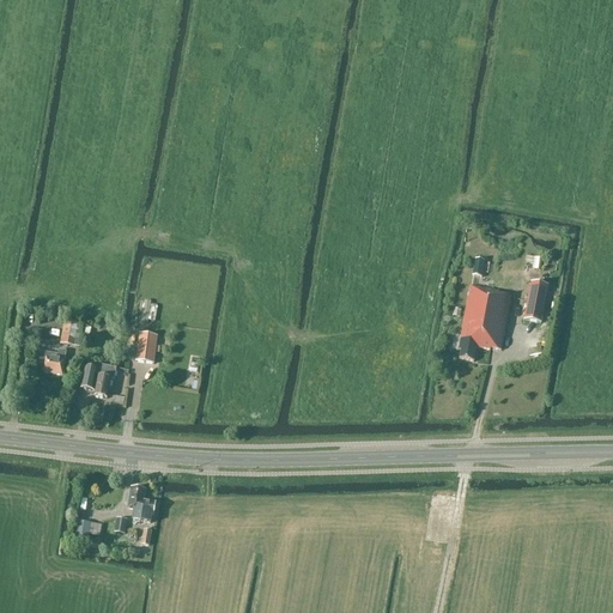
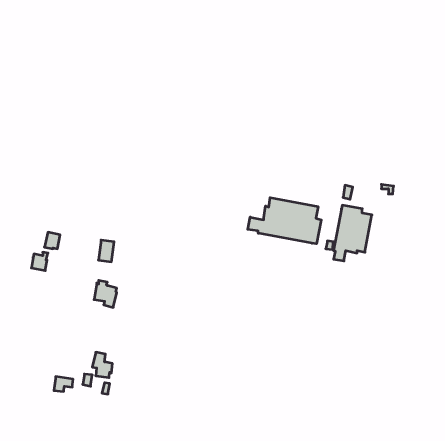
building: none -> [248,198,321,244]
building: [523,279,548,320] -> none
building: [80,359,111,396] -> [94,280,117,307]

